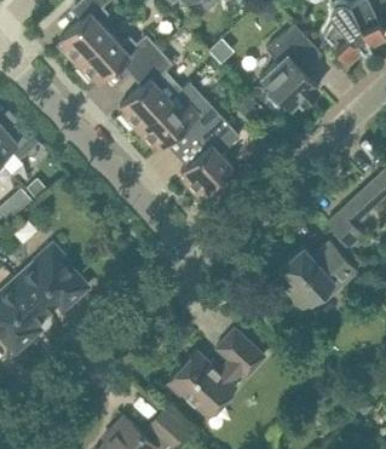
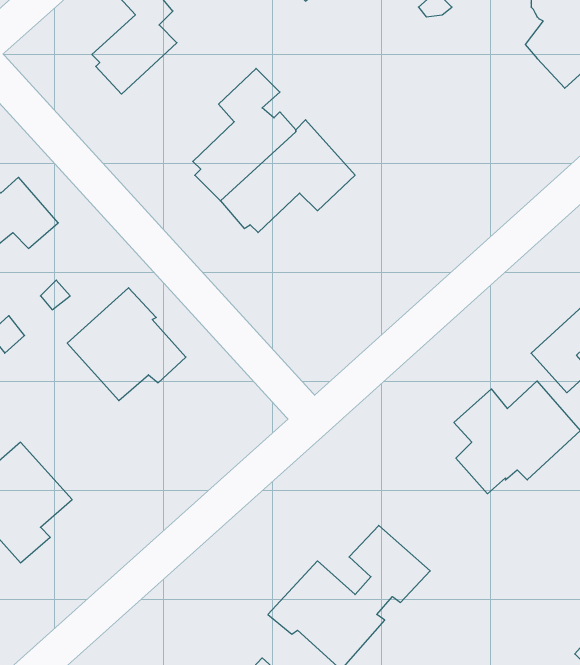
building: [258,23,322,108] -> none
building: [76,34,159,85] -> none
building: [180,115,238,197] -> none
building: [15,244,87,313] -> [67,288,186,401]

